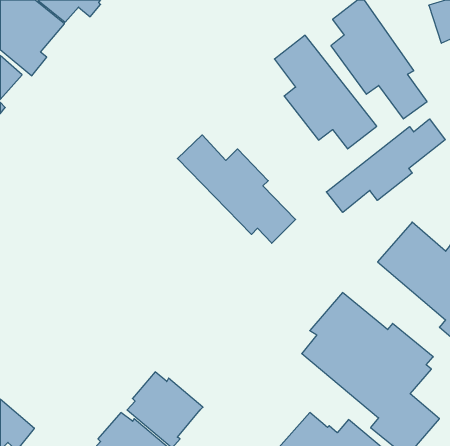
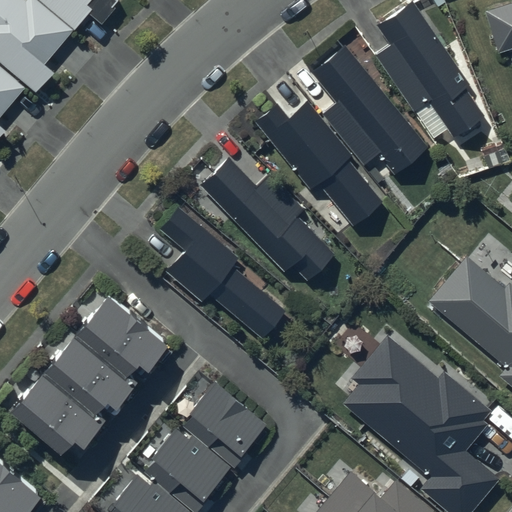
building: none -> [255,102,383,225]
building: [326,119,445,212] -> none
building: none -> [162,207,293,343]
building: none -> [10,292,166,451]
building: none -> [183,382,266,467]

